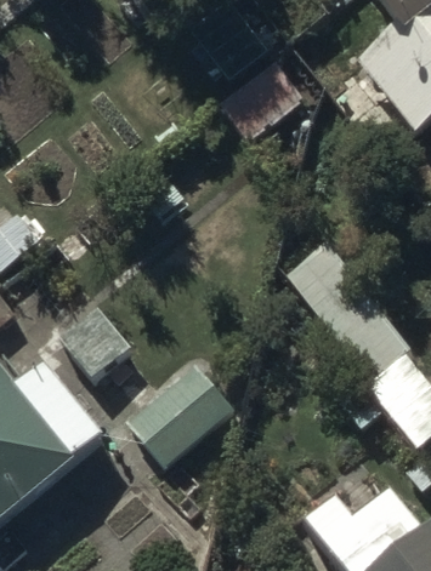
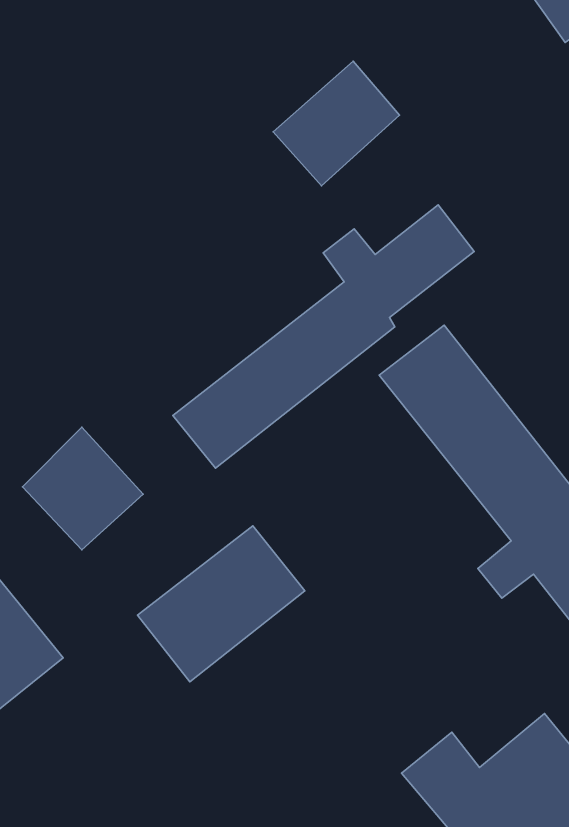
building: none -> [173,205,474,468]

